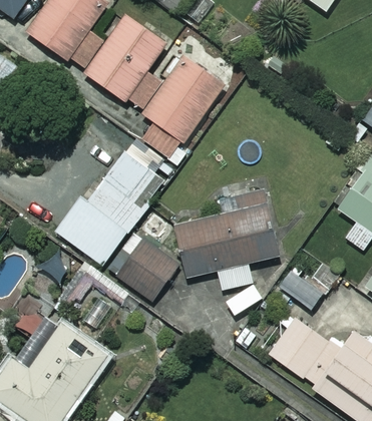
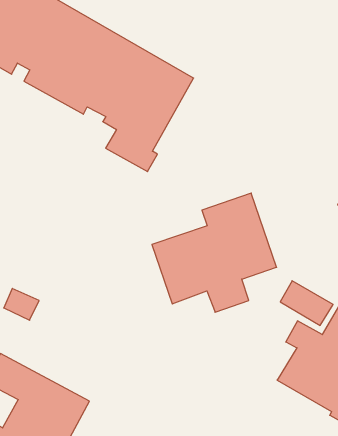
building: [55,144,174,265] -> none
building: [109,232,179,300] -> none

